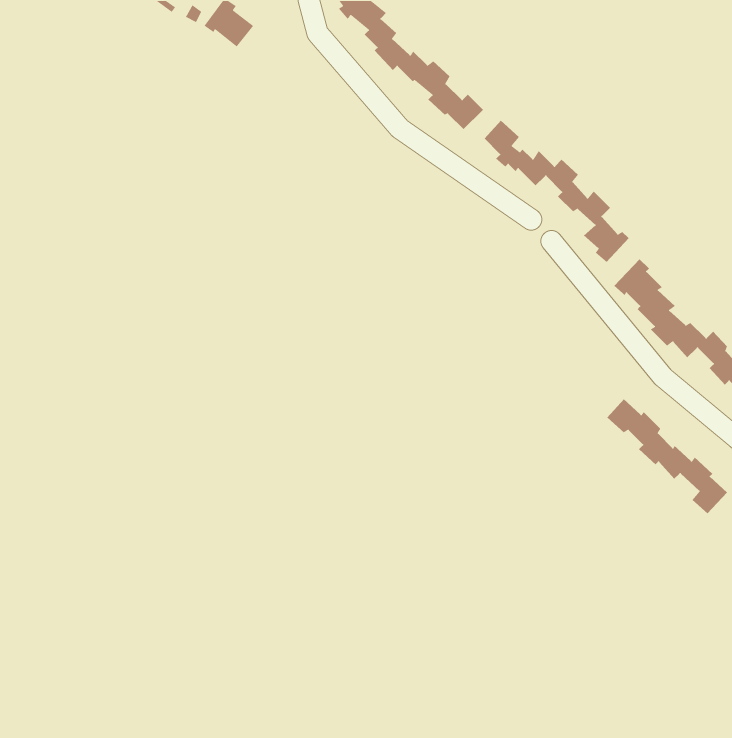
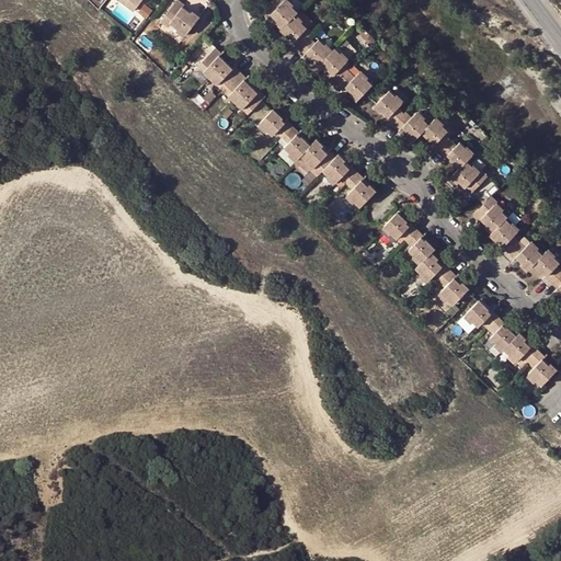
building: none -> [196,44,266,113]
building: none -> [259,107,376,208]
building: none -> [383,213,468,307]

